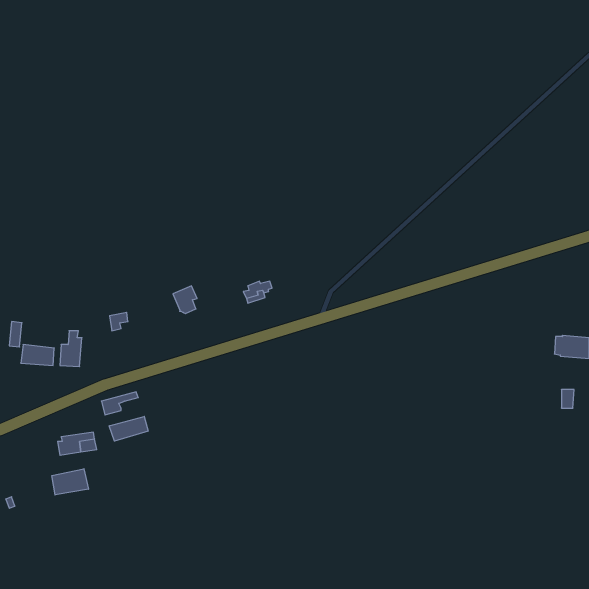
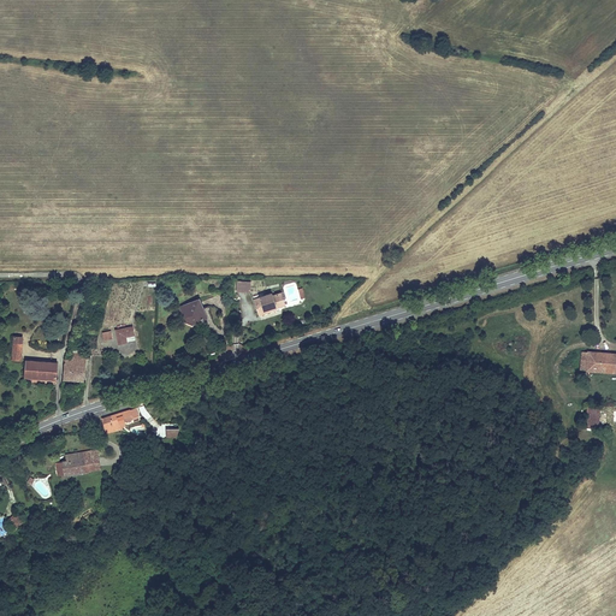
building: [109,416,148,441] -> none
building: [52,469,88,495] -> none

